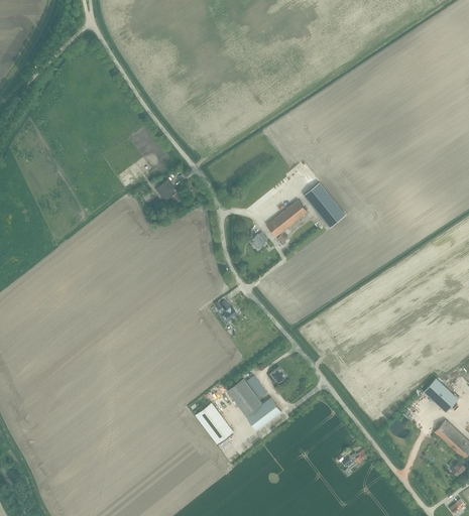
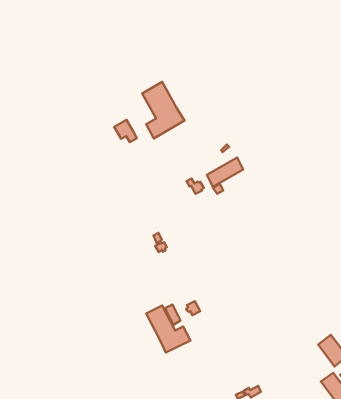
building: none -> [142,82,184,139]
building: [304,182,345,227] -> none
building: [196,402,233,443] -> none

